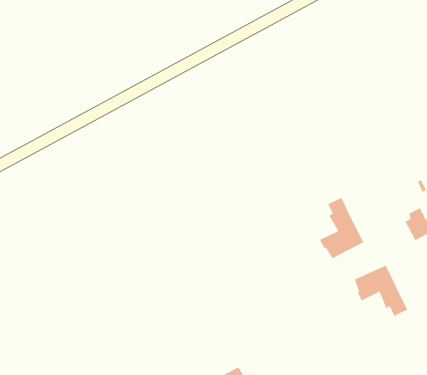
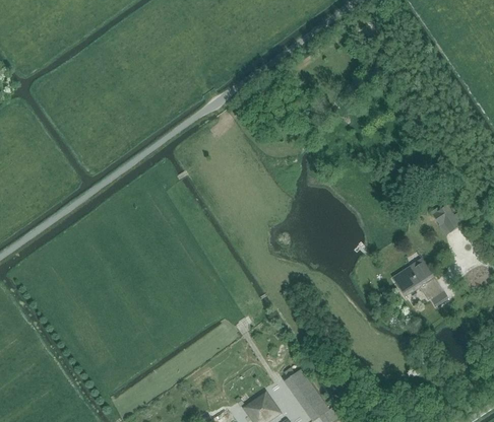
building: [319,197,364,259] -> none

